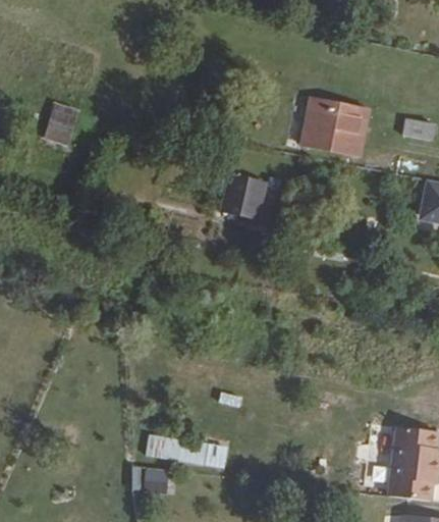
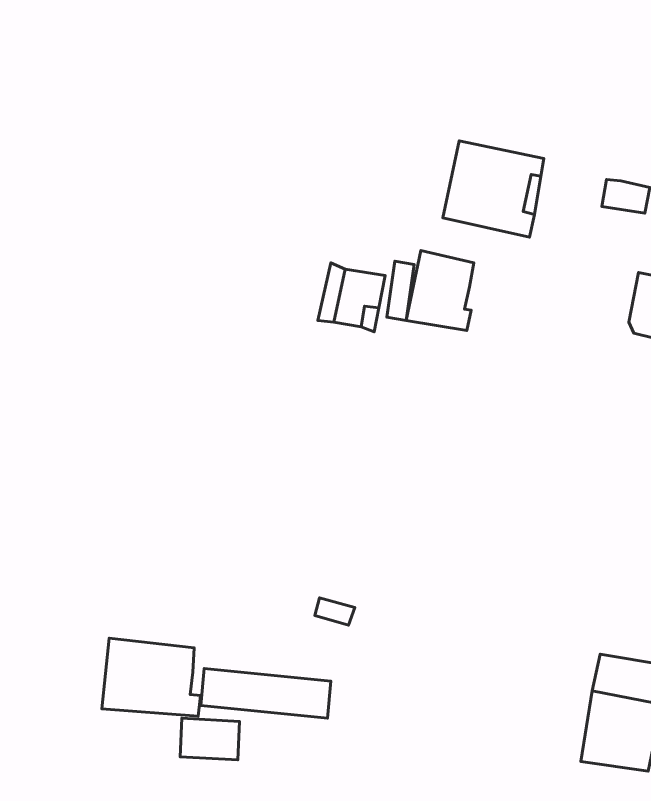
building: [44,99,79,143] -> none
building: none -> [406,251,474,331]
building: none -> [102,638,200,716]

